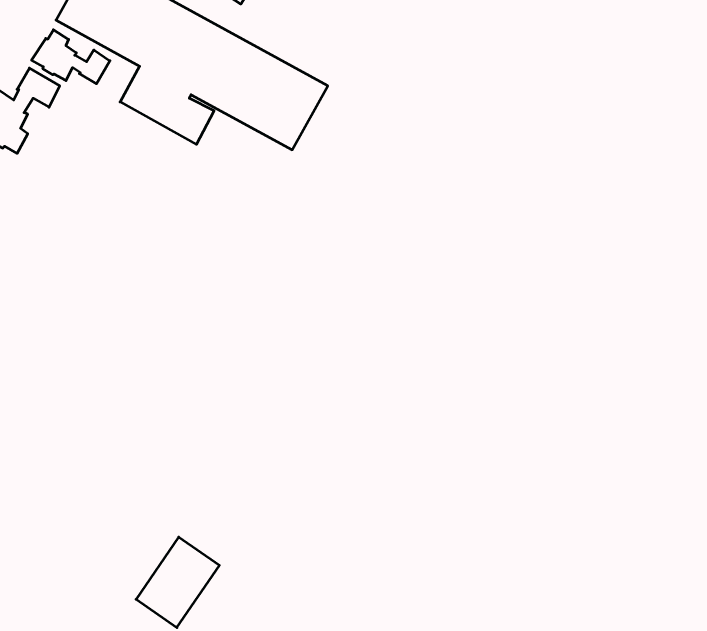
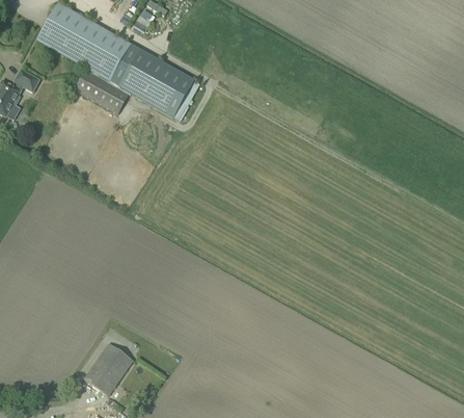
building: [32,30,110,84] -> none

